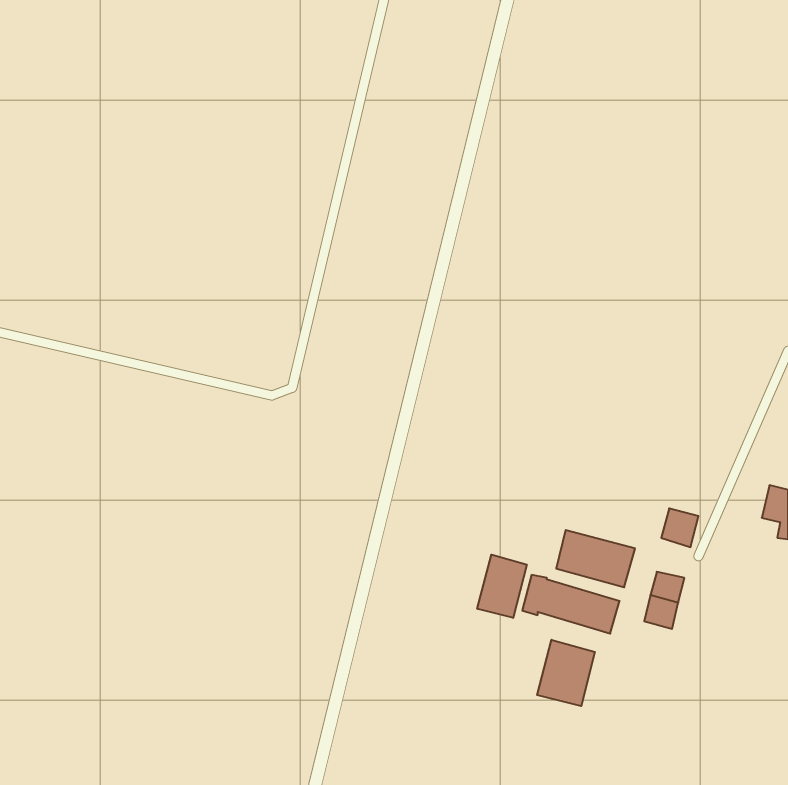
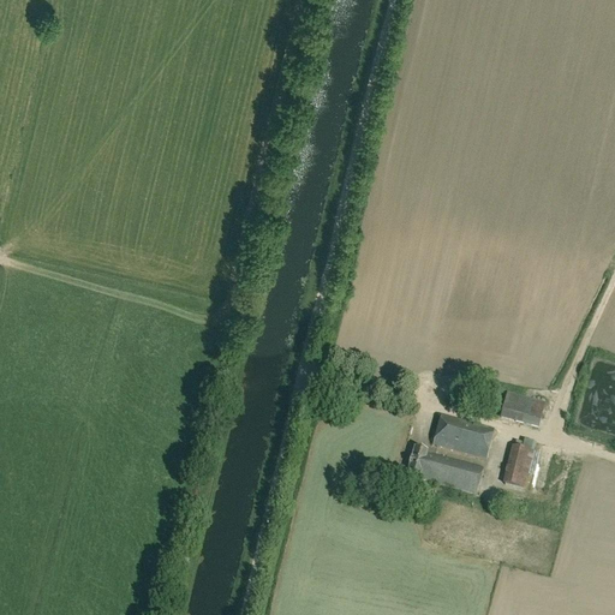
building: [477,555,527,618] -> none
building: [537,640,595,706] -> none

